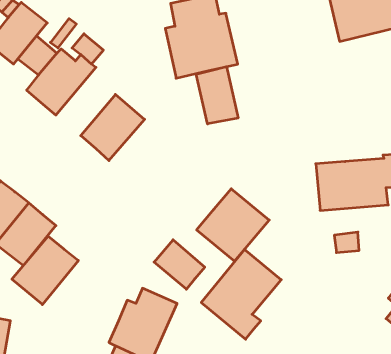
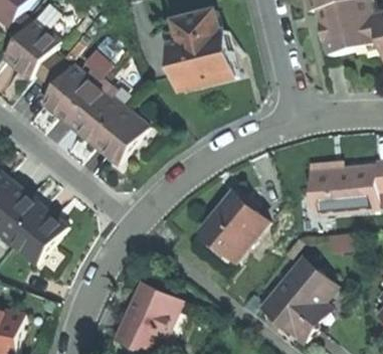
building: [196,67,238,124] -> none
building: none -> [67,80,123,144]
building: [12,236,78,305] -> none
building: [154,240,205,289] -> none
building: [201,249,281,339] -> [261,257,336,341]

